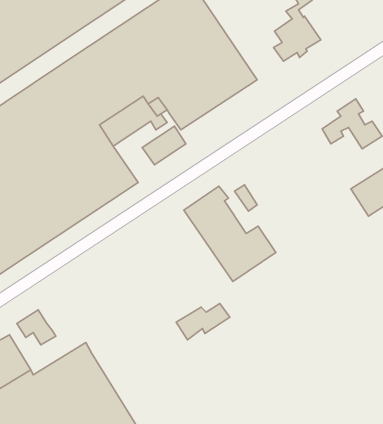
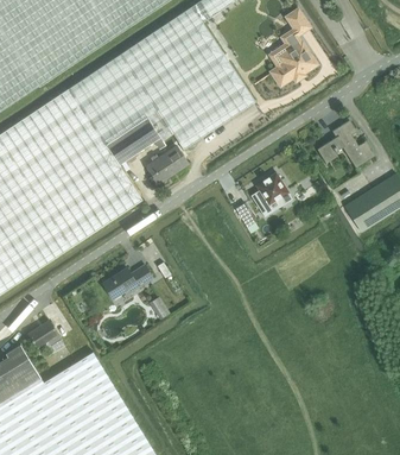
building: none -> [256,173,292,207]
building: [184,186,276,281] -> none
building: [176,304,230,340] -> [102,265,153,299]

